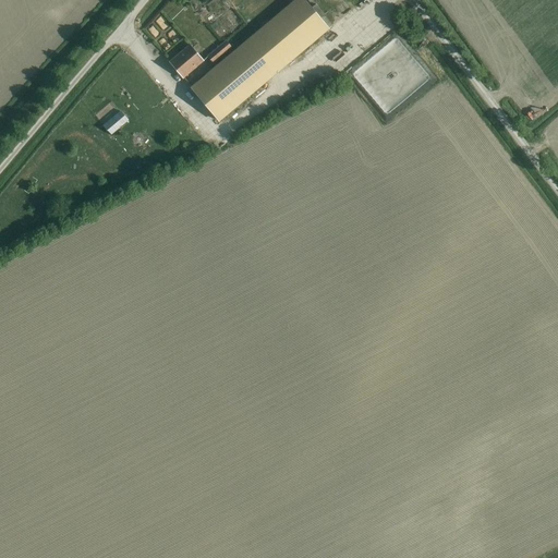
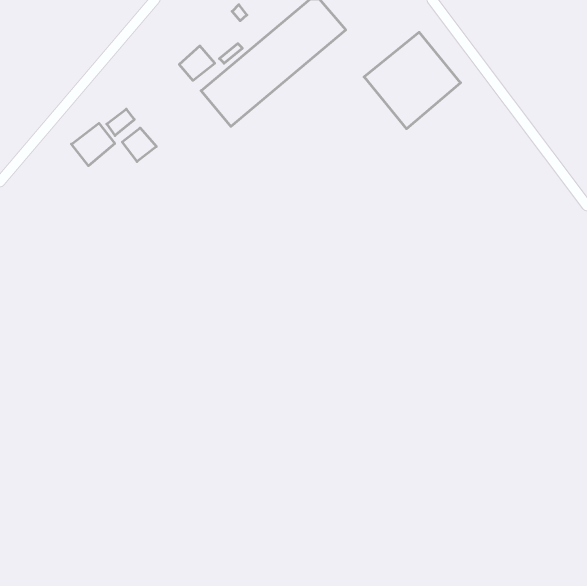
building: none -> [71,123,115,166]
building: none -> [122,128,156,162]

